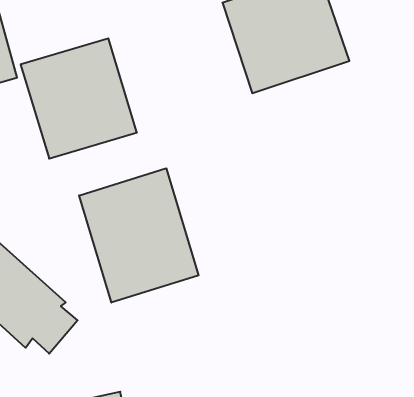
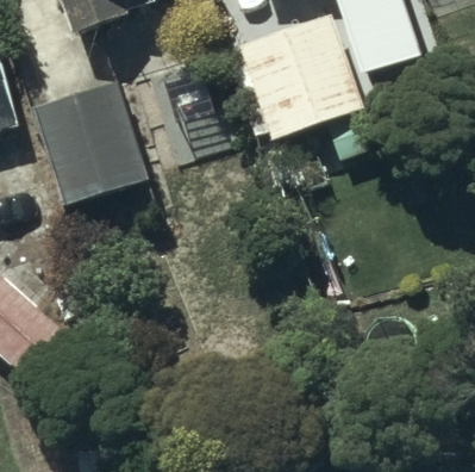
building: [79,168,199,303] -> none

